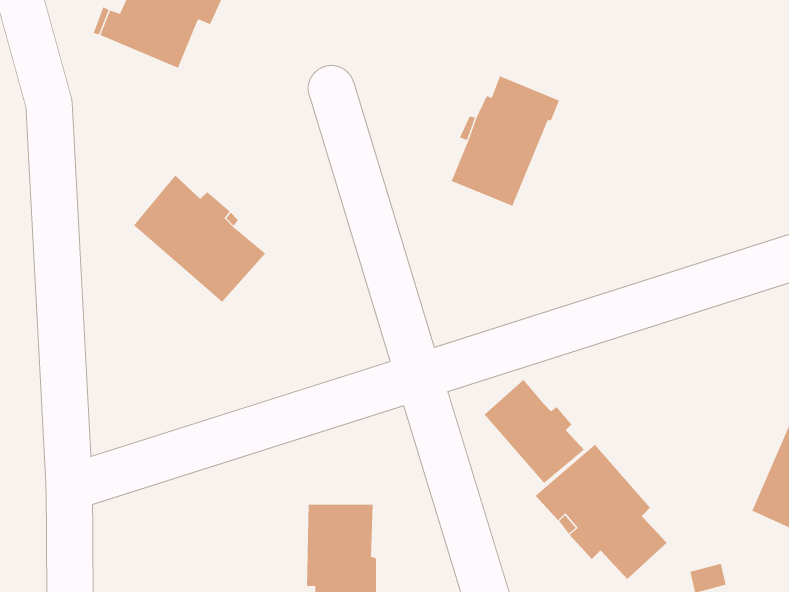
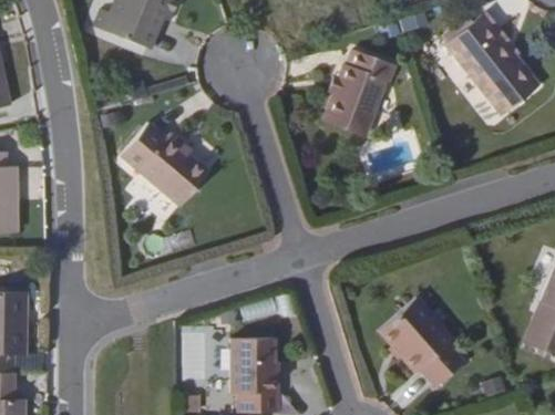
building: none -> [446,14,542,115]
building: [484,379,585,484] -> none

